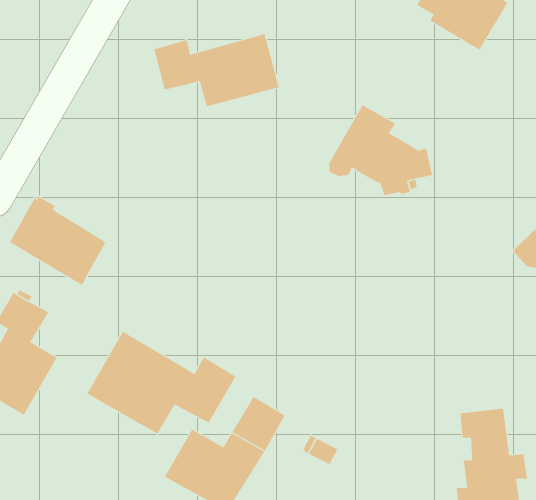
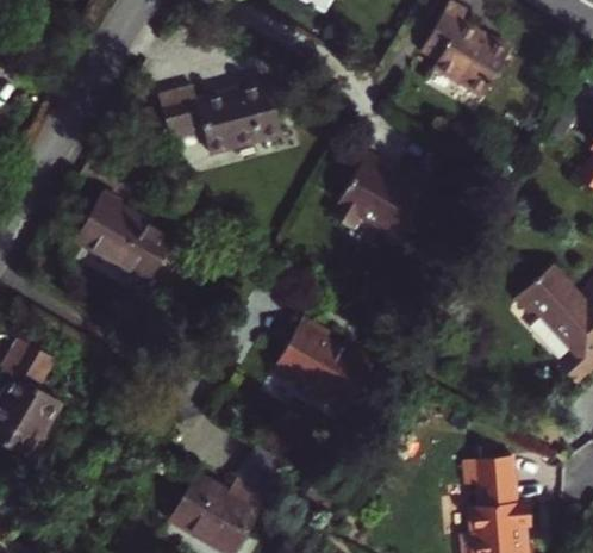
building: [9,195,106,285] -> [75,192,171,281]
building: none -> [273,317,375,405]
building: [86,331,236,434] -> none

